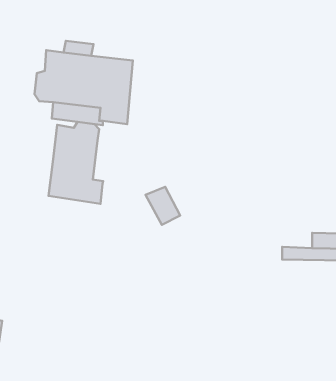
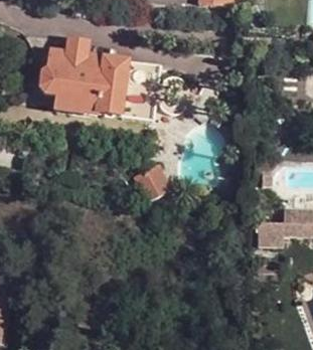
building: [48,122,103,204] -> none

